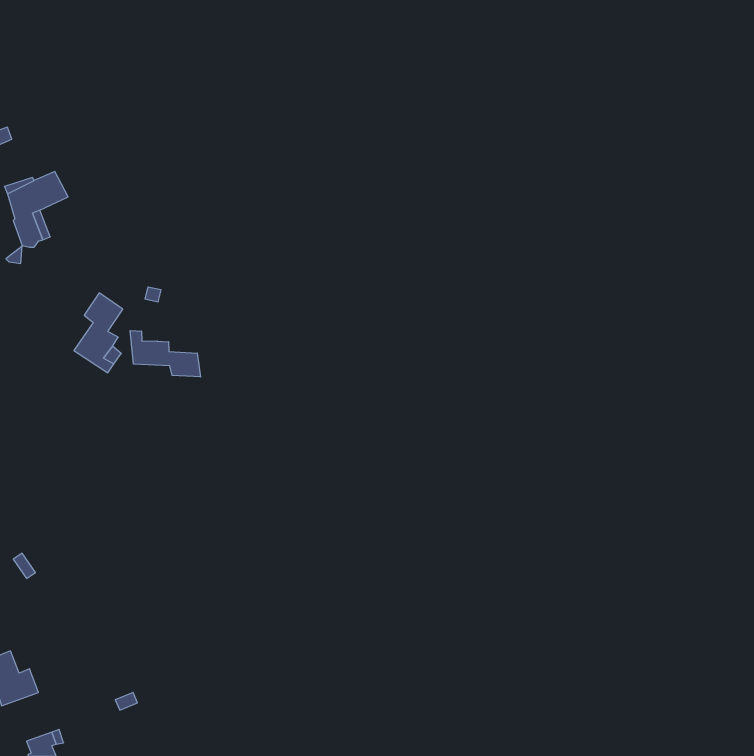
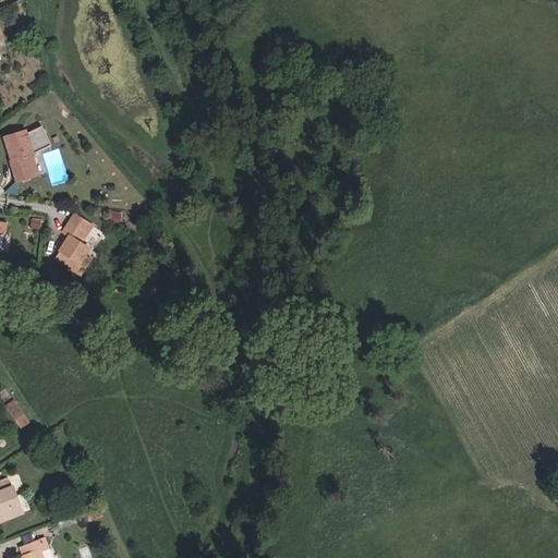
building: [130,331,200,377] -> none

